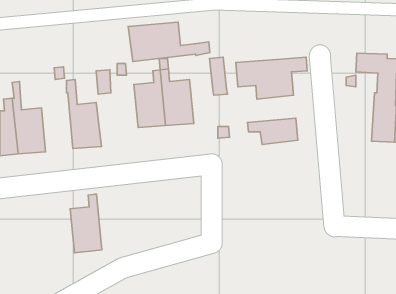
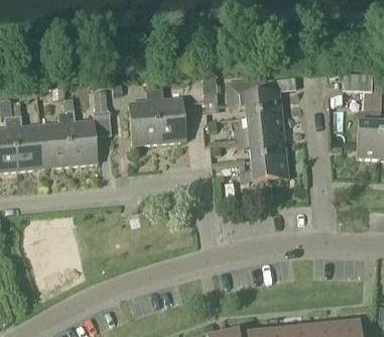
building: [128,22,210,61] -> none
building: none -> [237,112,284,138]
building: none -> [241,155,288,183]
building: [70,194,102,253] -> [40,110,71,166]

